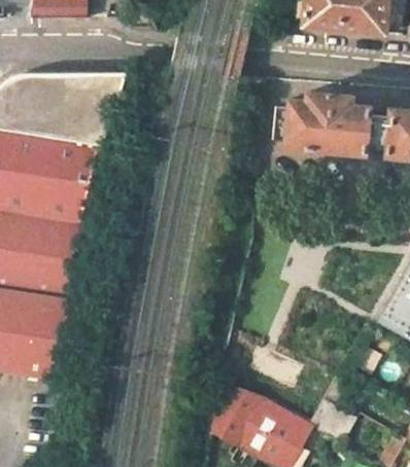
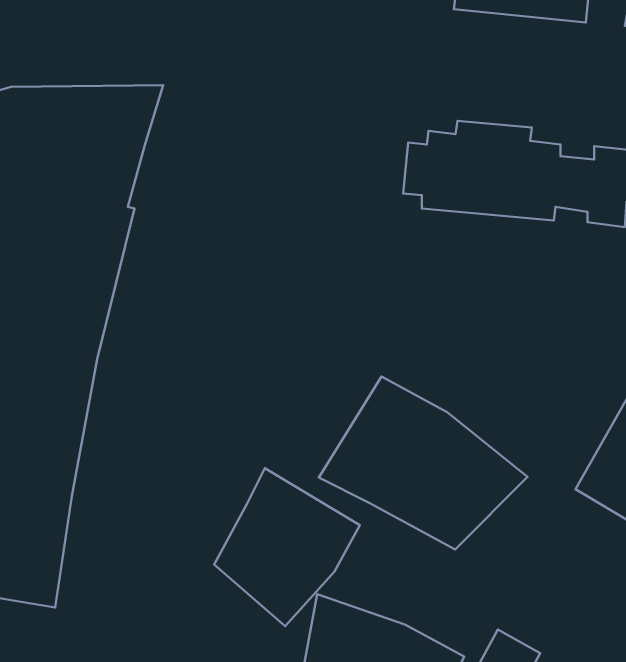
building: none -> [319,377,528,549]
building: none -> [214,468,360,626]

